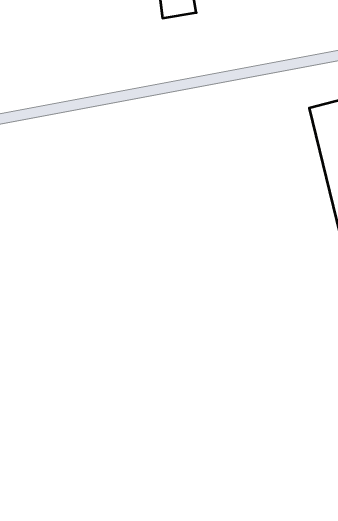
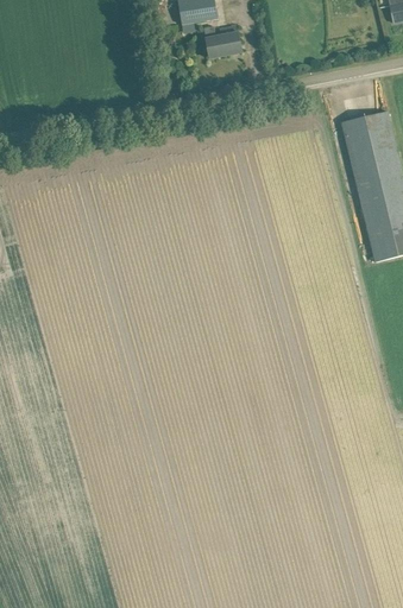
building: none -> [203,26,241,58]

